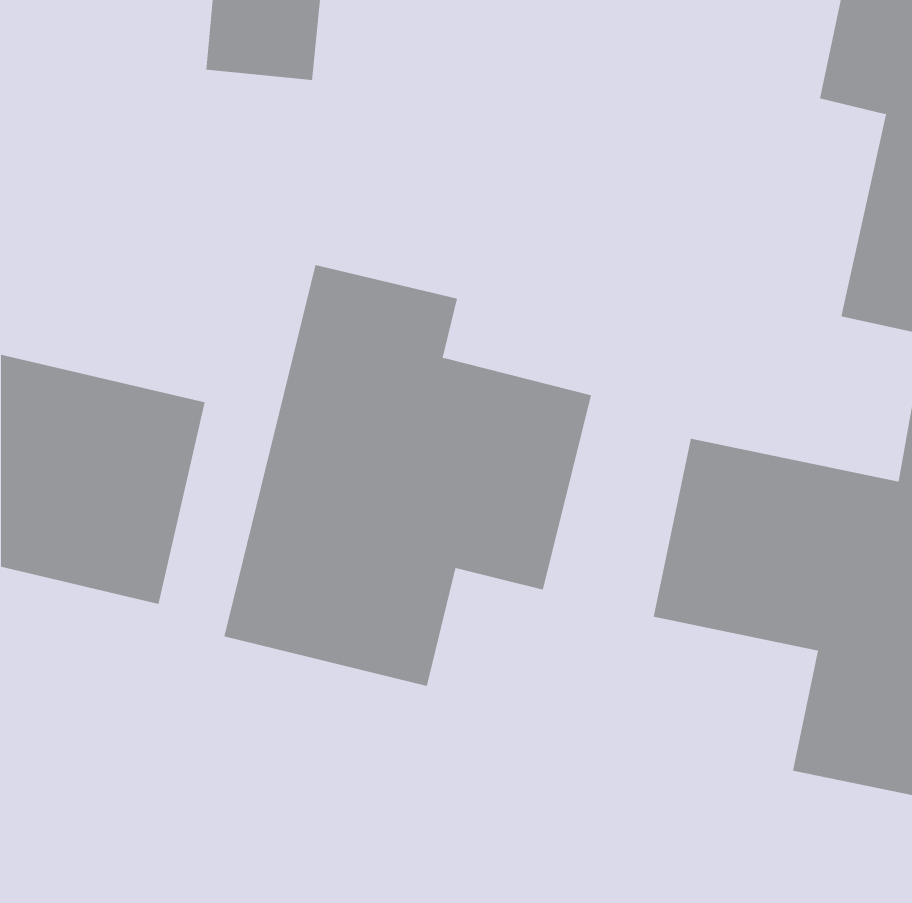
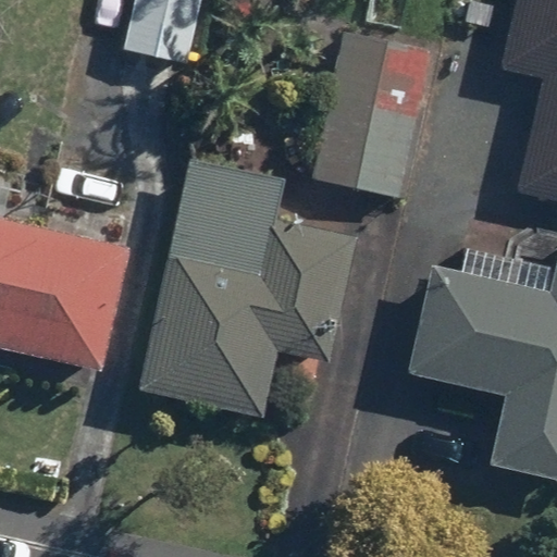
building: none -> [314,30,435,191]

